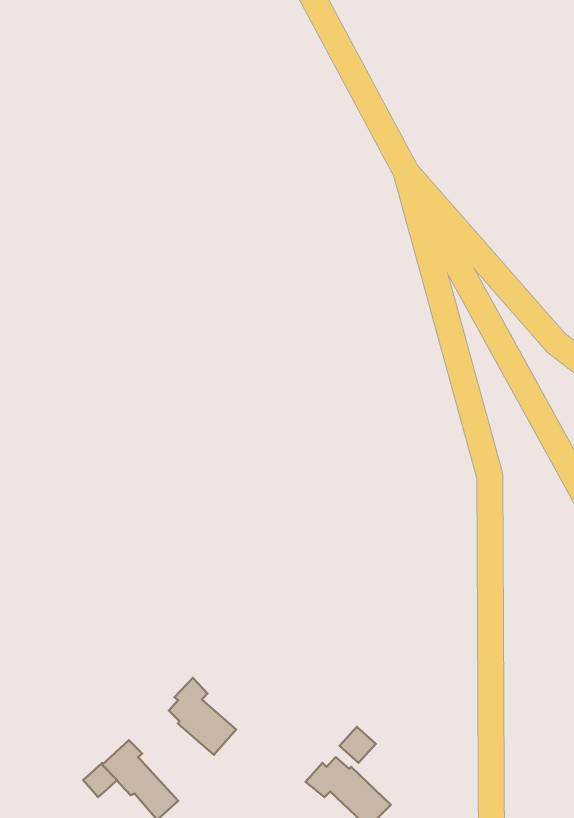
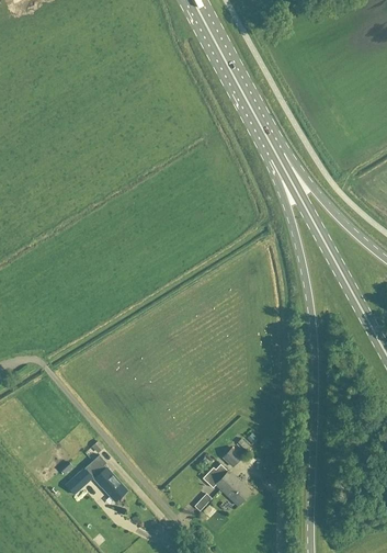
building: [169,678,236,755] -> none

